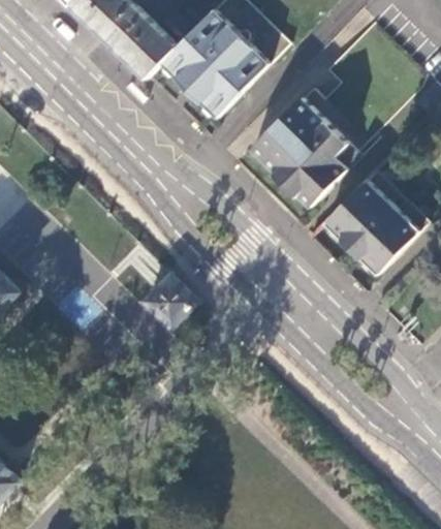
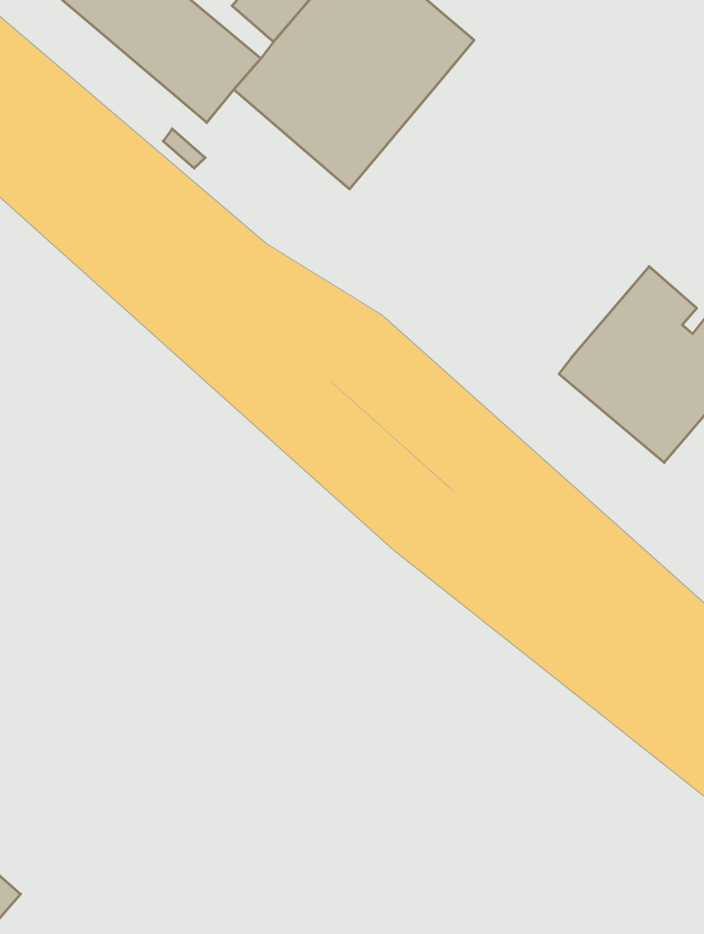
building: [250,97,360,207] -> none
building: [145,273,196,323] -> none

